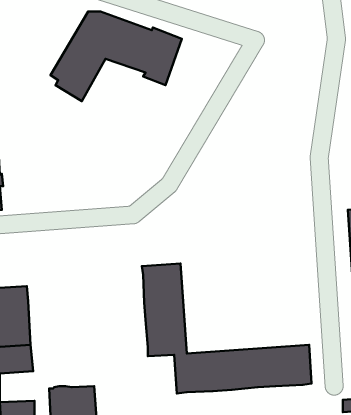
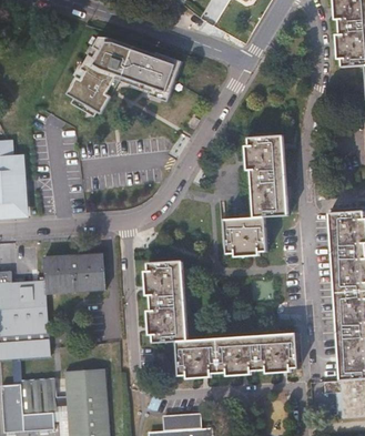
building: none -> [224,135,287,254]
building: none -> [42,254,104,294]

